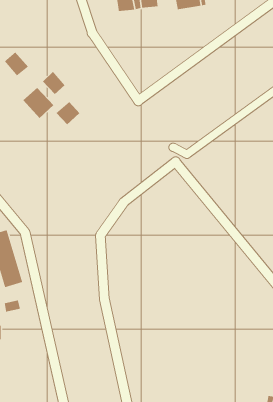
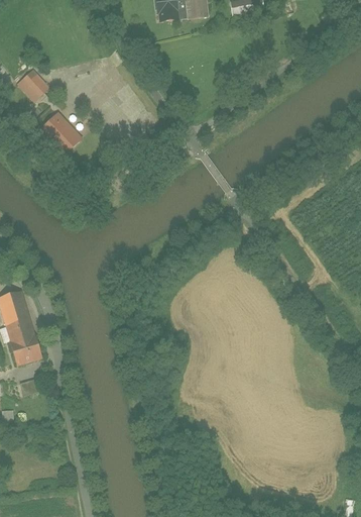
building: [42,71,65,95] -> none
building: [55,101,80,125] -> none

